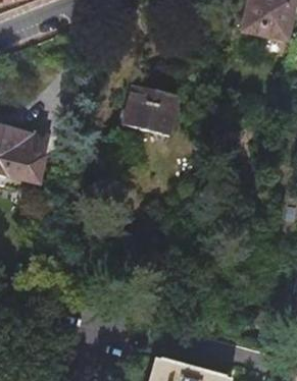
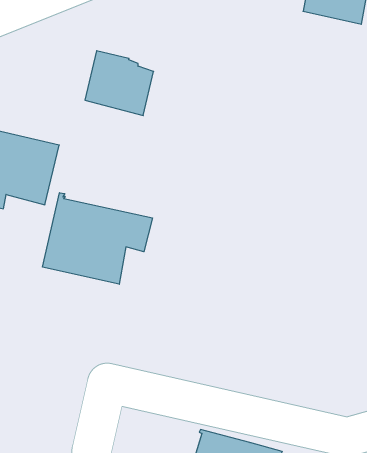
building: [123,85,178,135] -> [85,51,154,116]
building: none -> [43,193,152,284]

